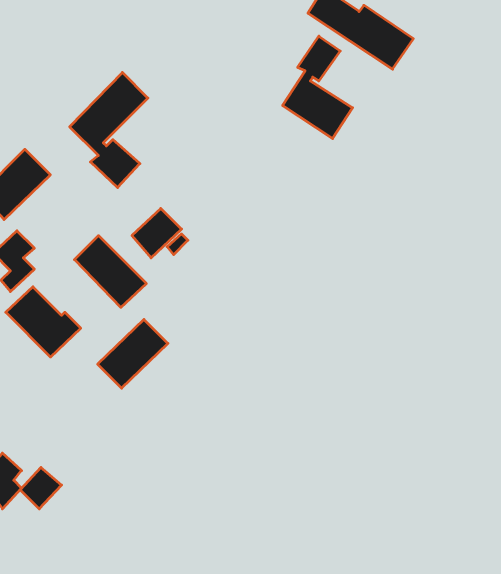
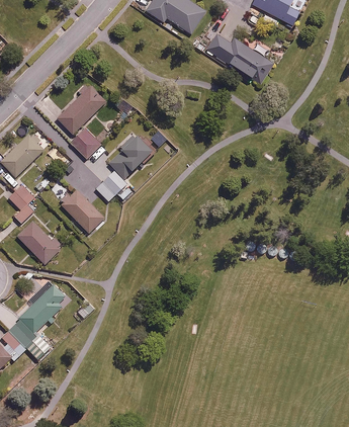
building: [283,36,353,139] -> none
building: none -> [107,134,151,177]
building: [98,319,168,388] -> [17,289,62,333]

